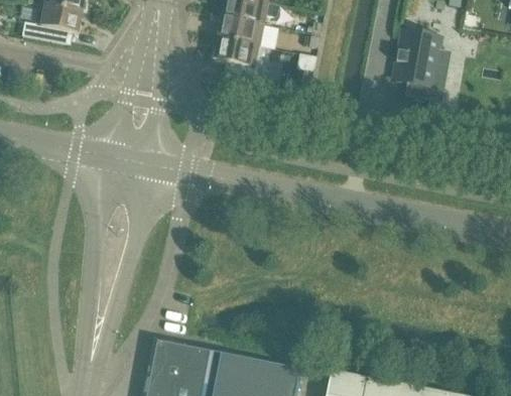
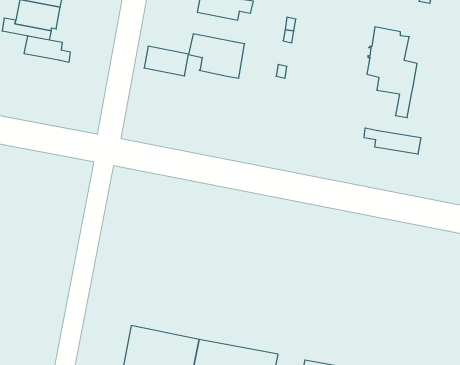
building: [219,16,264,46] -> [144,46,188,76]
building: none -> [24,36,70,62]
building: none -> [364,128,421,154]

